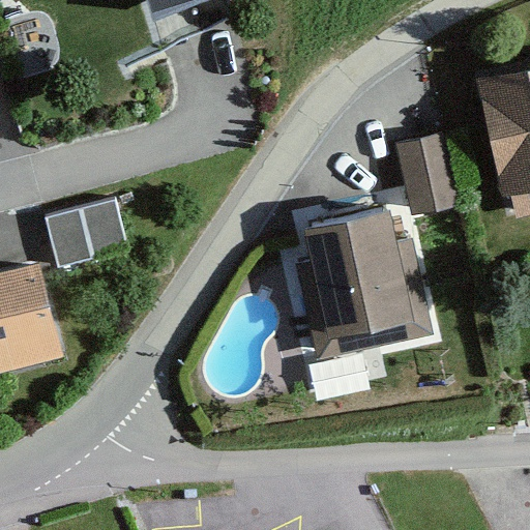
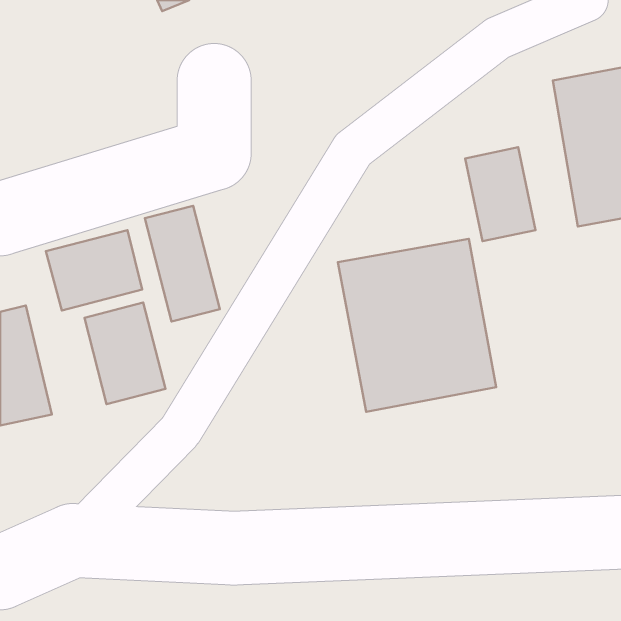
building: none -> [145,206,220,321]
building: none -> [84,303,166,404]

